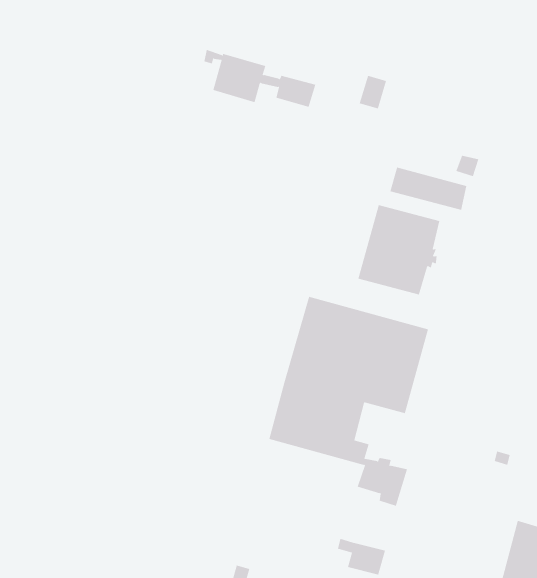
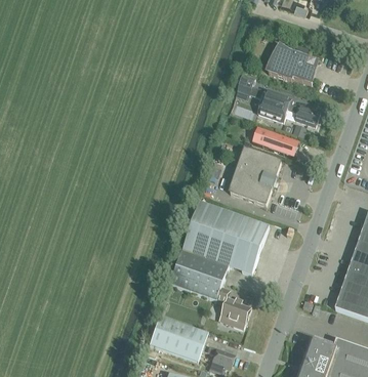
building: none -> [268,41,317,81]
building: [204,49,316,108] -> [254,85,320,124]
building: none -> [149,313,207,360]

